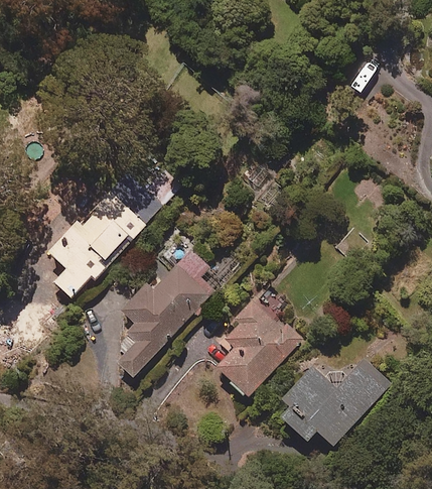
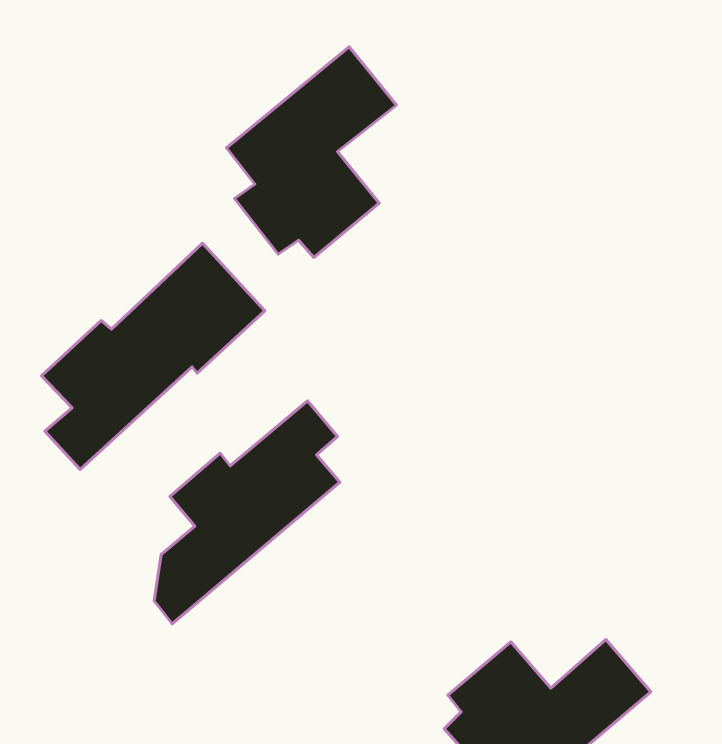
building: none -> [227,47,397,257]
building: [218,298,300,396] -> none

